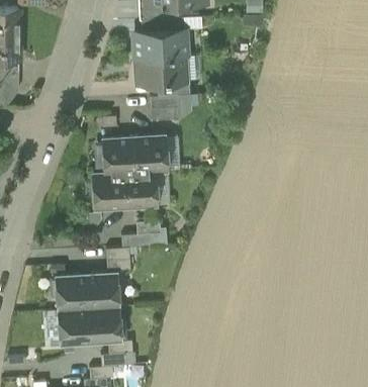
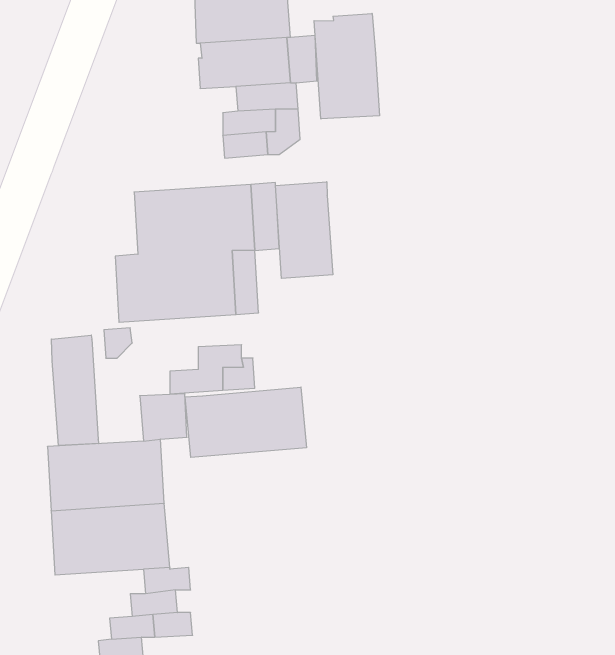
building: none -> [314,13,379,119]
building: none -> [276,182,333,278]
building: none -> [51,335,99,446]
building: none -> [185,387,306,457]

